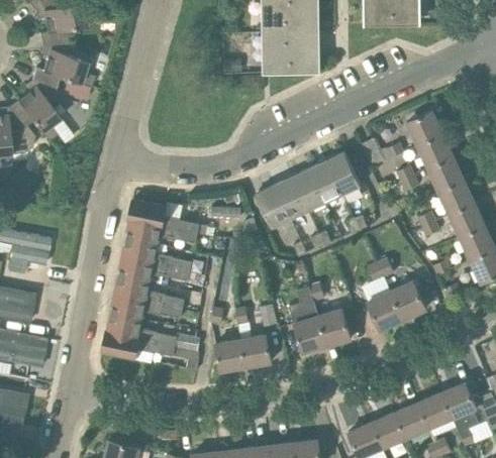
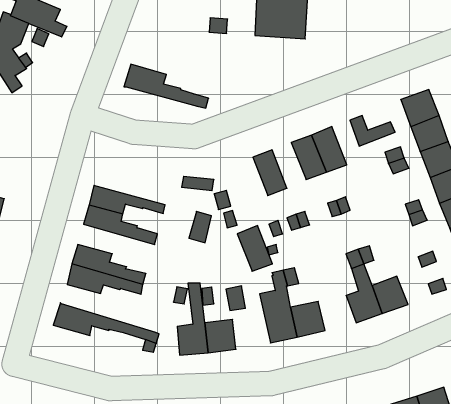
building: [292,168,325,211] -> none
building: [257,185,291,227] -> [237,226,272,271]
building: [128,200,207,235] -> [124,64,209,108]
building: [119,257,190,282] -> none
building: [108,314,200,352] -> none

